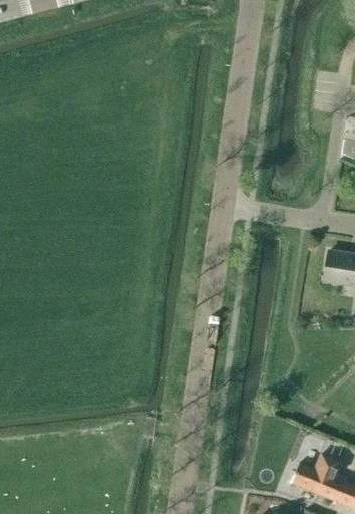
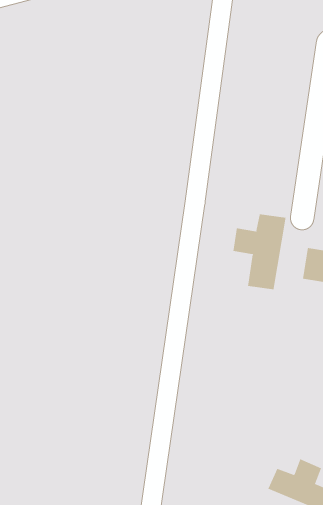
building: none -> [233,213,286,290]

